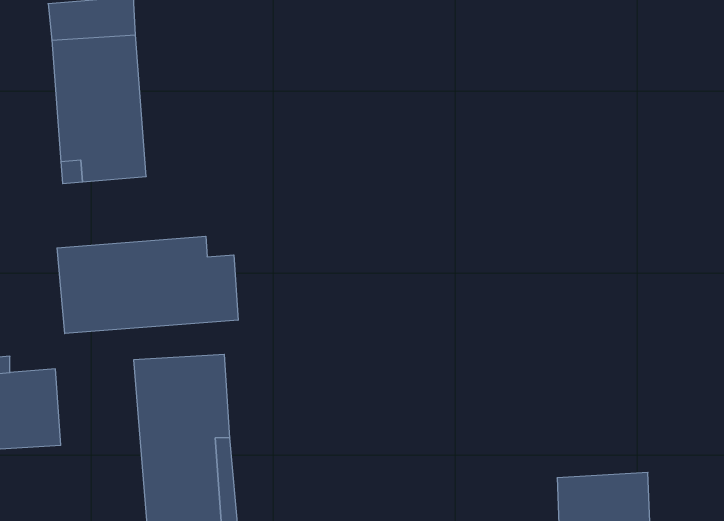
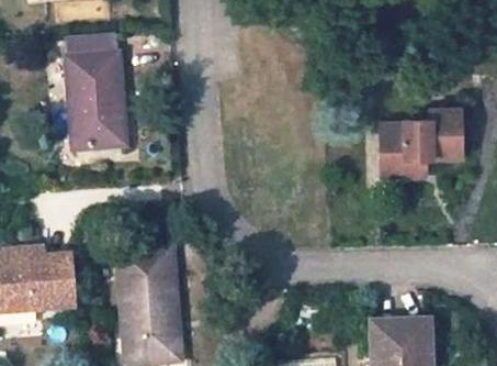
building: none -> [381,109,462,177]
building: [57,236,238,334] -> none

